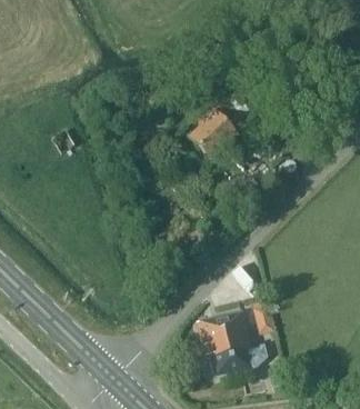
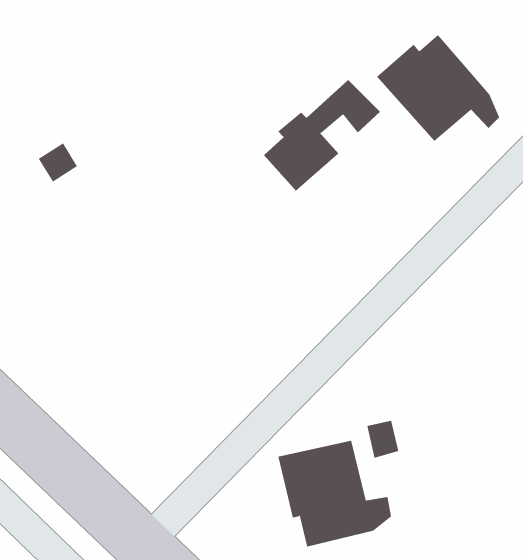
building: none -> [376,34,500,142]

